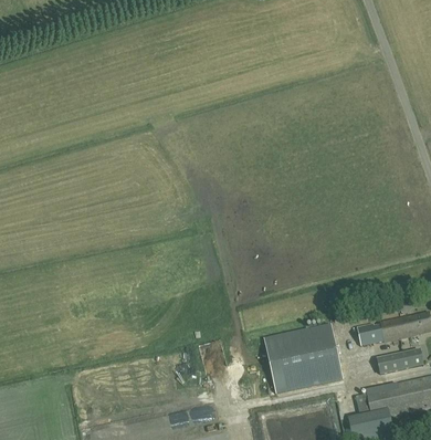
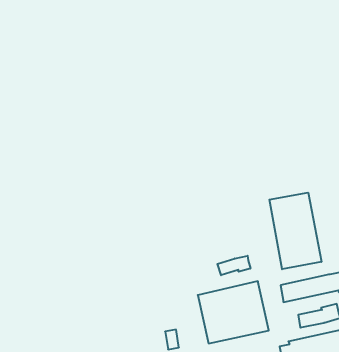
building: none -> [269,193,321,269]
building: none -> [217,256,250,275]

